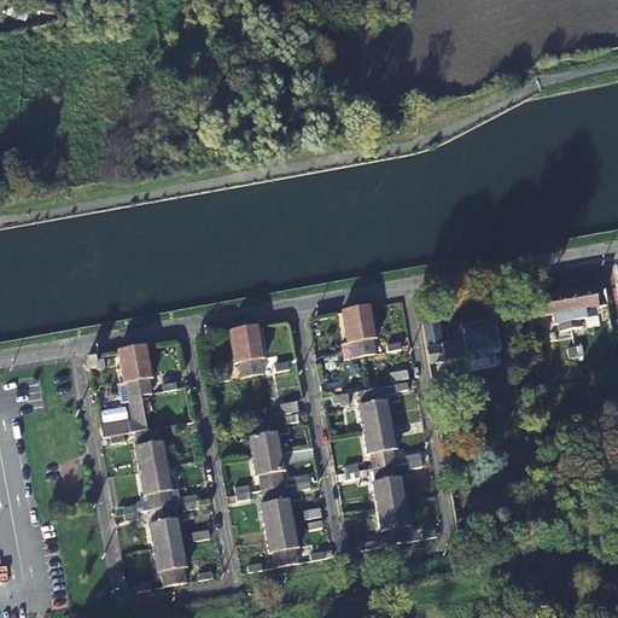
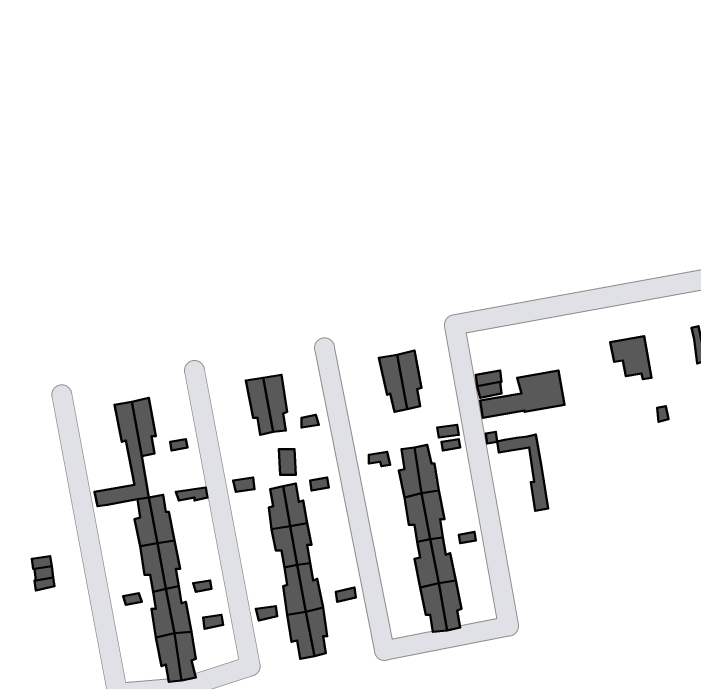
building: [566,288,597,328] -> none
building: none -> [497,435,548,511]

